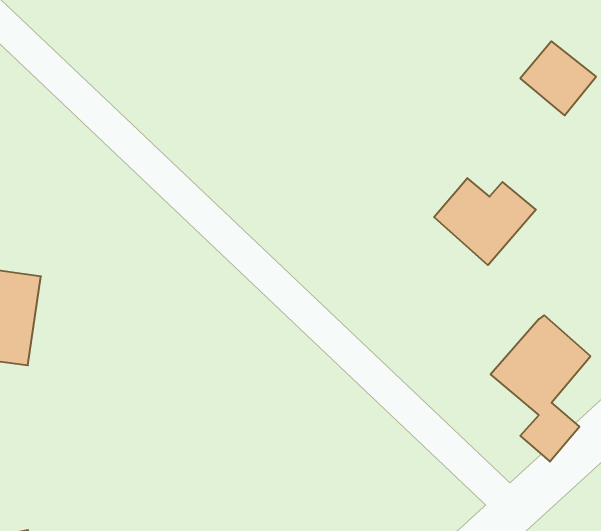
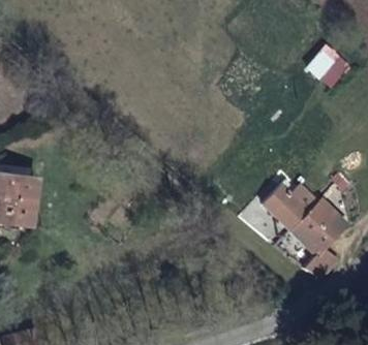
building: [434,178,536,265] -> [262,183,318,231]

